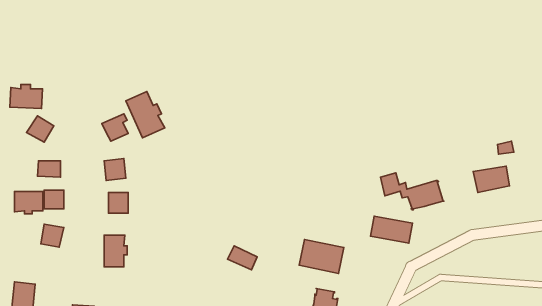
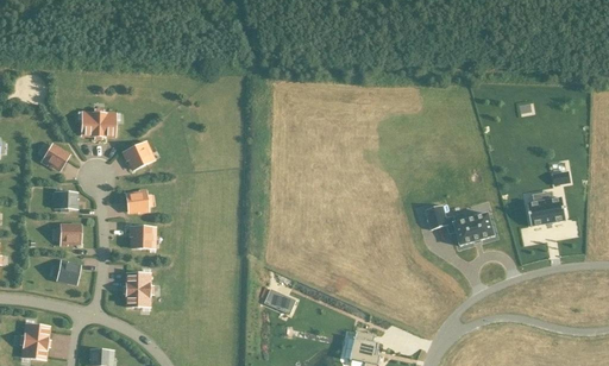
building: [10,84,43,108] -> [81,111,117,137]
building: [126,91,165,138] -> none
building: [15,191,43,214] -> none
building: [370,216,412,243] -> none
building: [299,239,344,273] -> none

